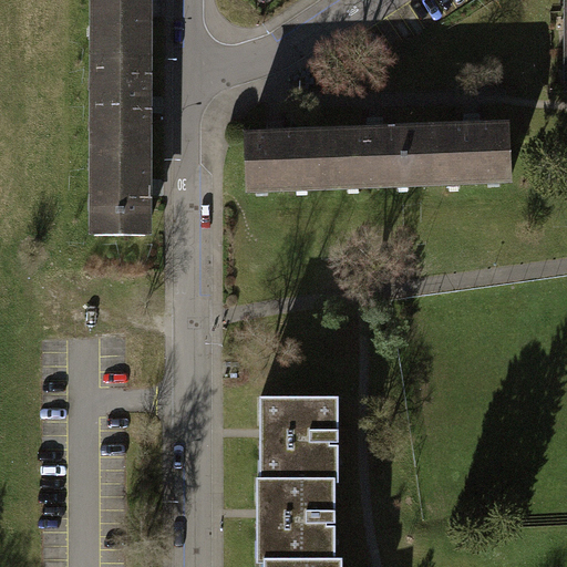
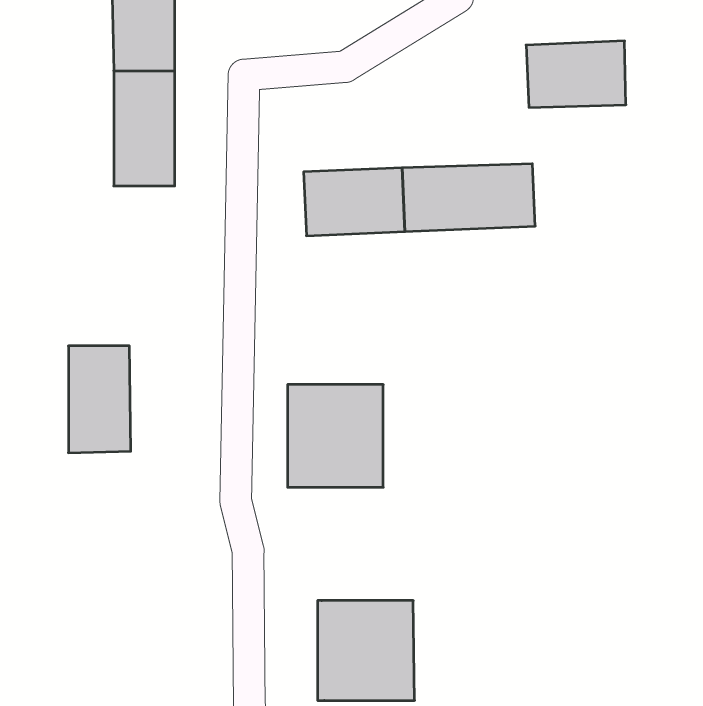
building: [430,127,509,181] -> [526,41,626,107]
building: [95,148,145,234] -> [68,346,131,453]
building: [261,398,338,480] -> [288,385,383,487]

